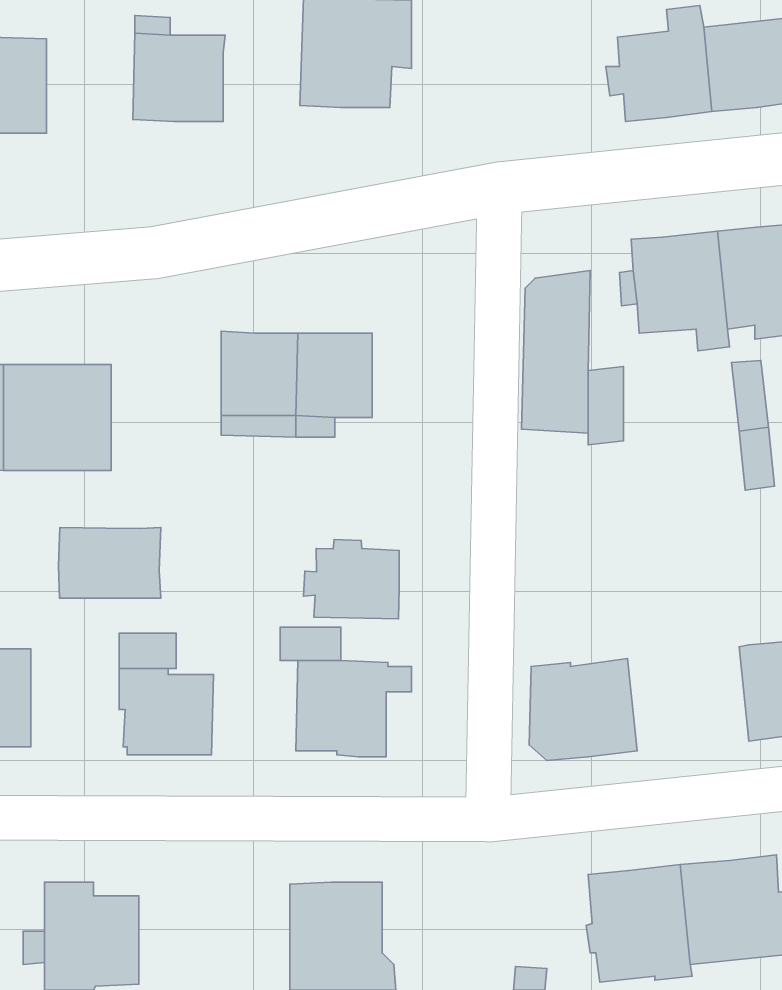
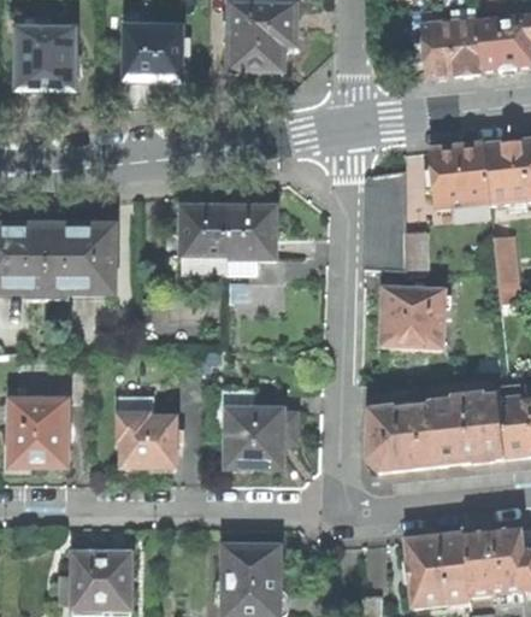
building: none -> [382,286,444,345]
building: [58,527,161,598] -> none
building: [303,539,399,619] -> none
building: none -> [430,393,505,463]

